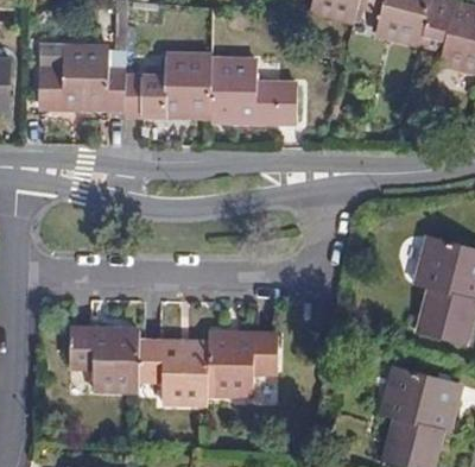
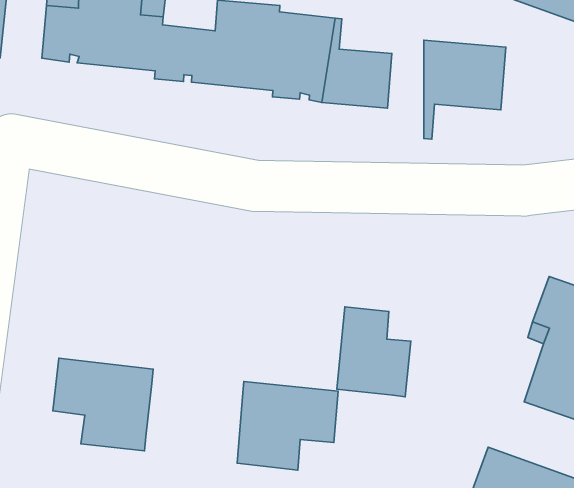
building: none -> [424,40,506,139]
building: none -> [337,307,411,397]
building: [139,341,208,404] -> none

